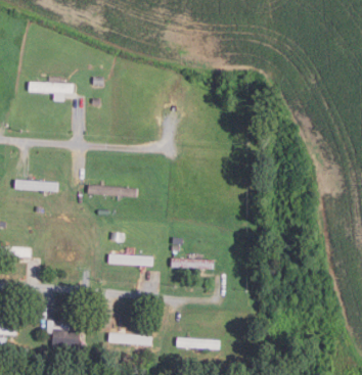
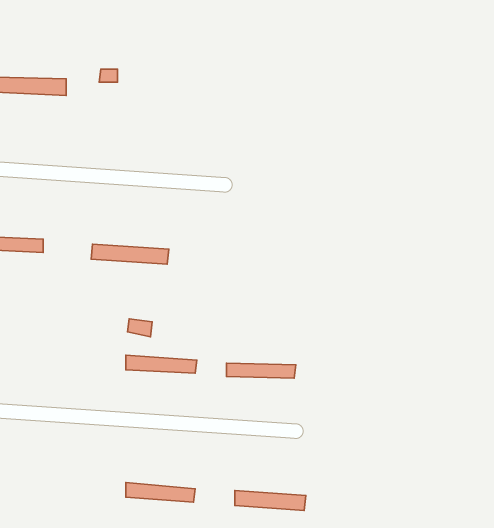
building: [45,319,78,347] -> none

